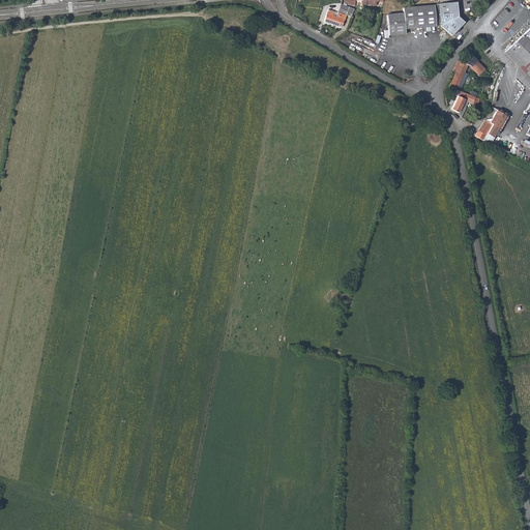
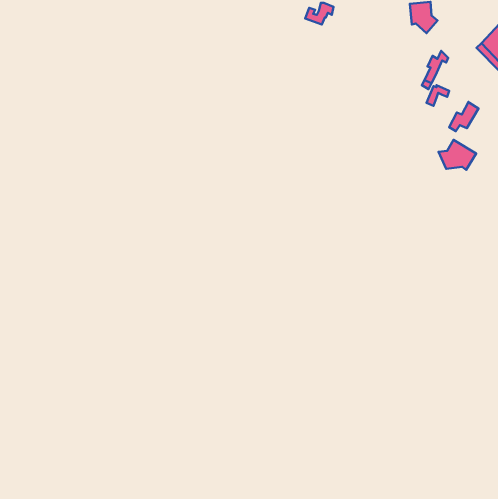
building: [386,4,438,37] -> none
building: none -> [439,140,476,170]

